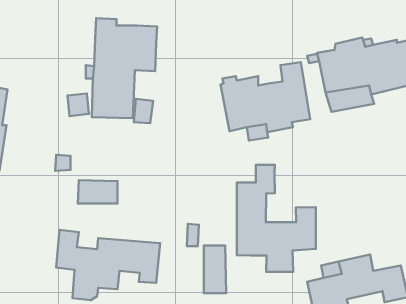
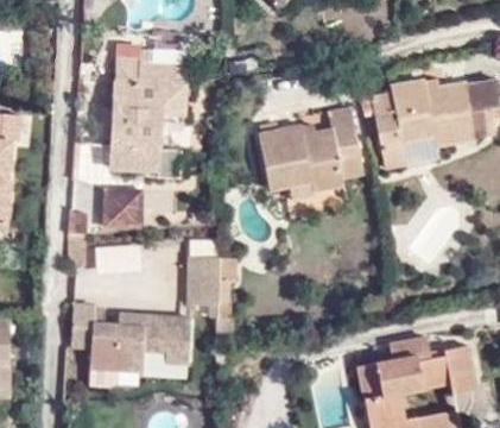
building: none -> [103,195,139,233]
building: [237,165,316,272] -> none
building: [204,245,226,293] -> [188,252,214,308]

